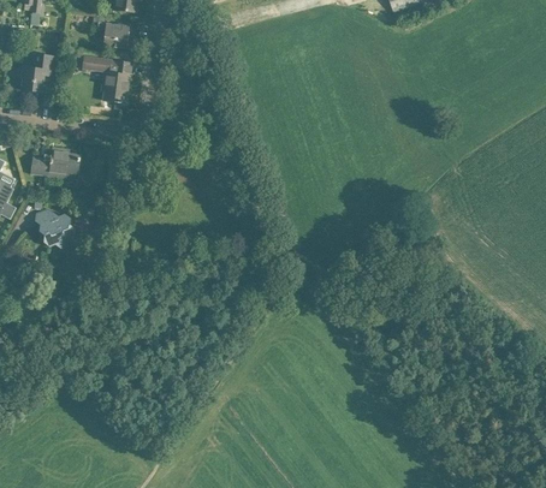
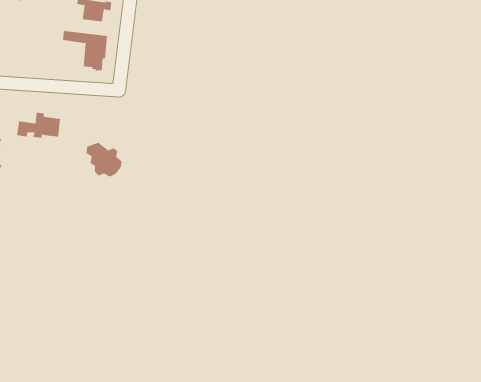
building: [19,53,53,91] -> none
building: [34,208,75,246] -> [85,142,122,177]

